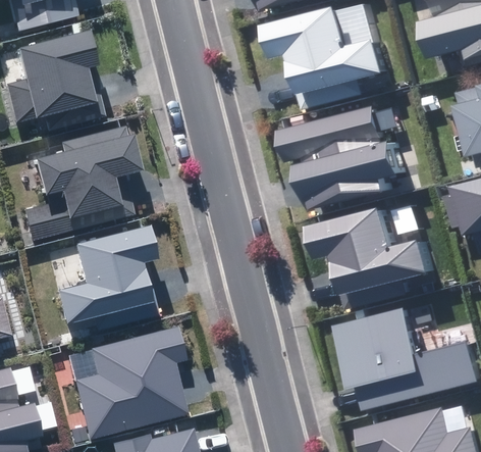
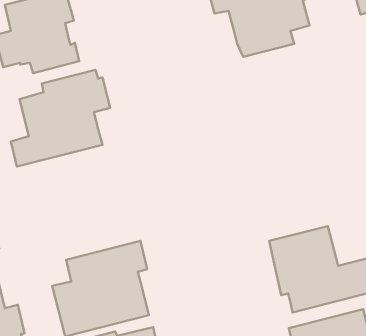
building: [274,107,393,209] -> none
building: [302,207,422,307] -> none
building: [59,223,161,331] -> none

